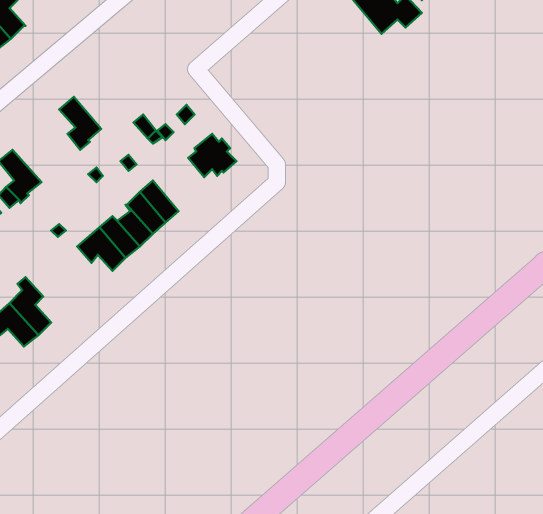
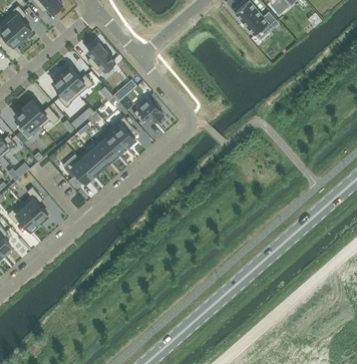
building: none -> [87,43,115,71]
building: none -> [62,66,94,95]
building: none -> [24,100,59,128]
building: none -> [111,116,135,146]

